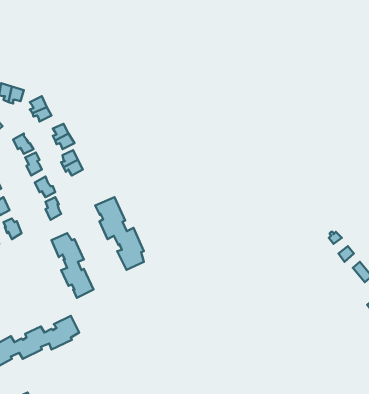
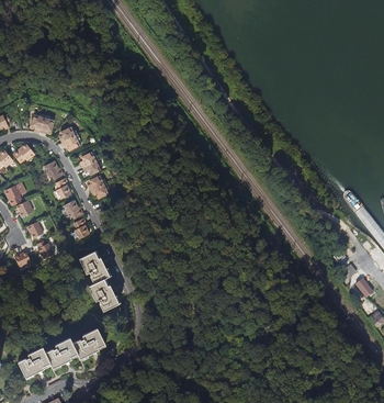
building: [95,197,144,270] -> none

